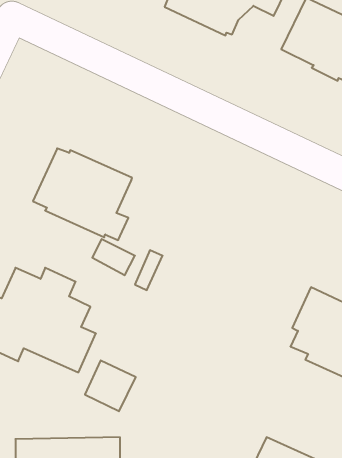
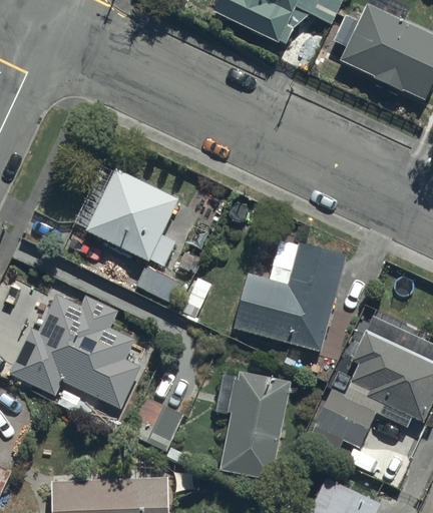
building: none -> [233,239,345,353]
building: none -> [218,372,290,480]
building: none -> [306,387,377,453]

